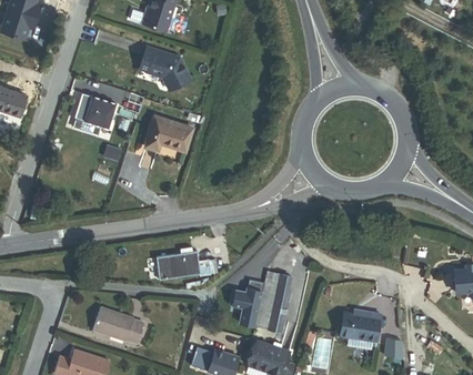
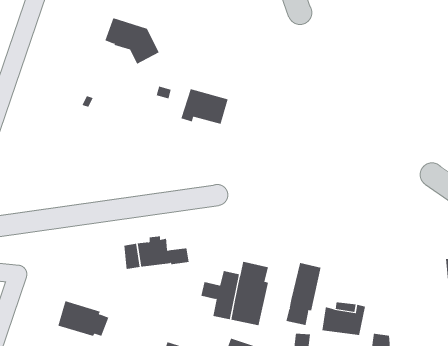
building: [71,94,111,125] -> none
building: [142,114,187,148] -> [180,89,228,124]
building: none -> [286,262,321,326]

